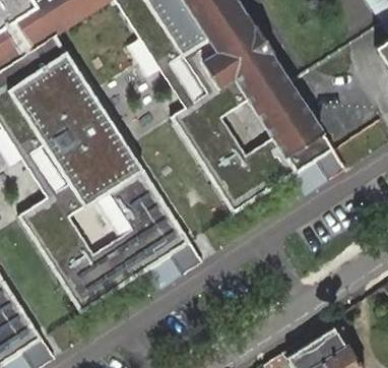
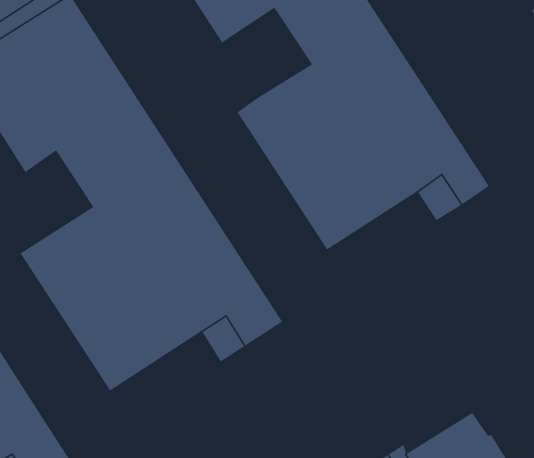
building: [159,44,221,106] -> none
building: [22,143,69,196] -> none

